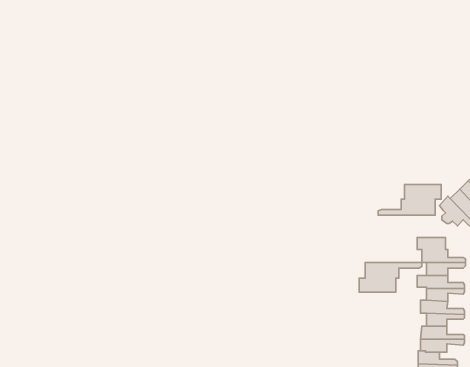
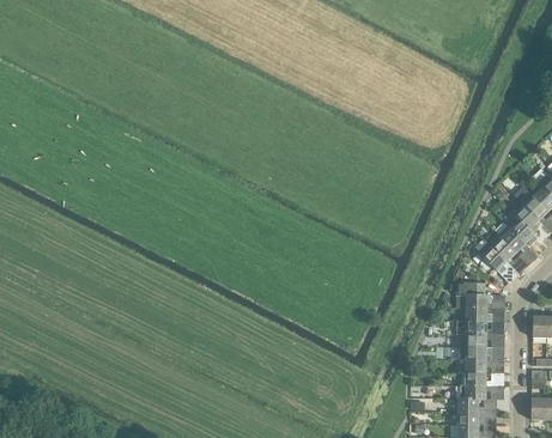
building: [378,185,441,215] -> none
building: [359,262,422,292] -> none

